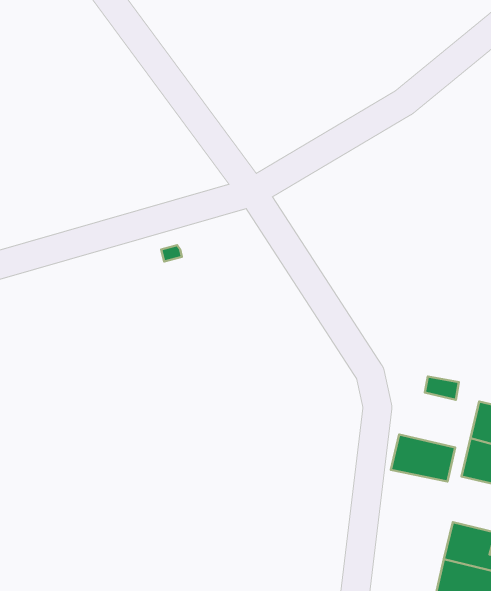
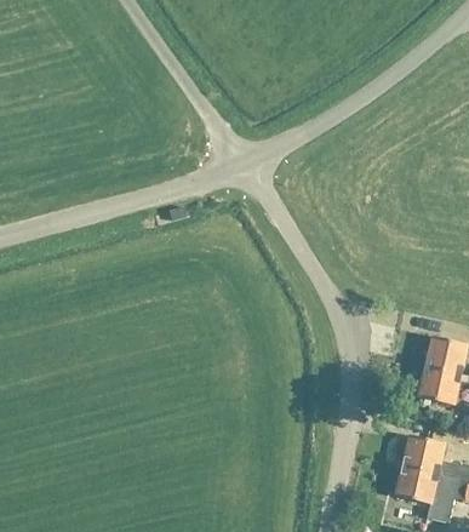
building: [391,434,455,481] -> none

